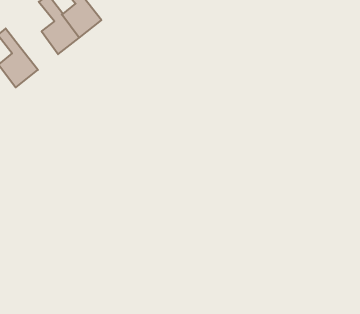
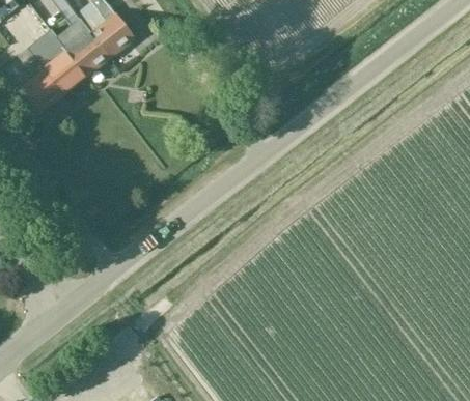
building: none -> [40,28,85,93]

